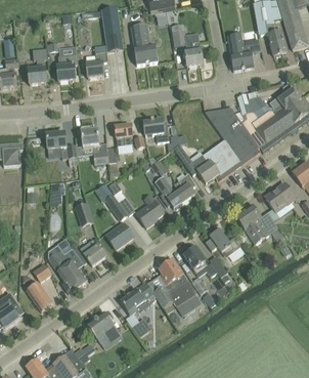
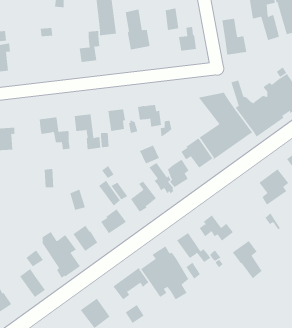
building: [29,49,47,84] -> none
building: [57,55,78,81] -> none
building: [235,205,266,244] -> [232,240,263,279]

